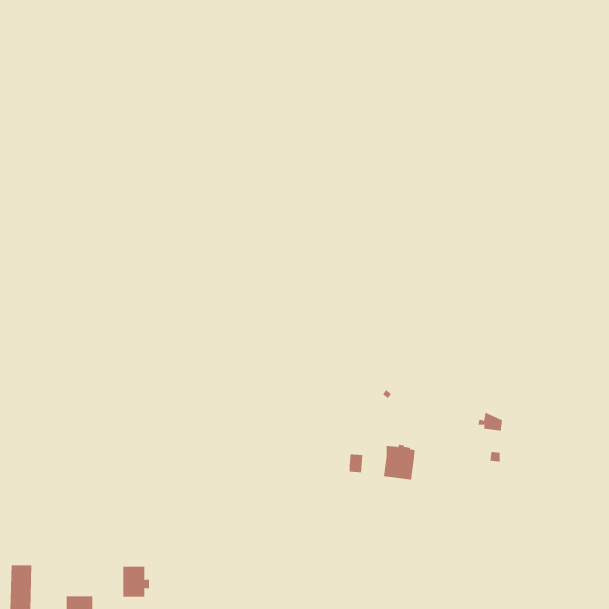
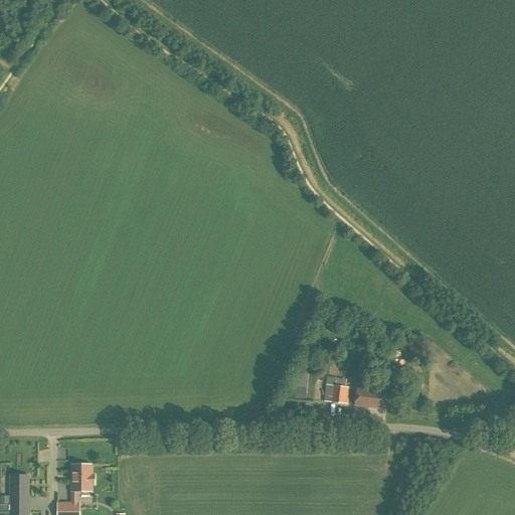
building: none -> [354,390,383,408]
building: [122,566,150,597] -> [70,466,94,492]

